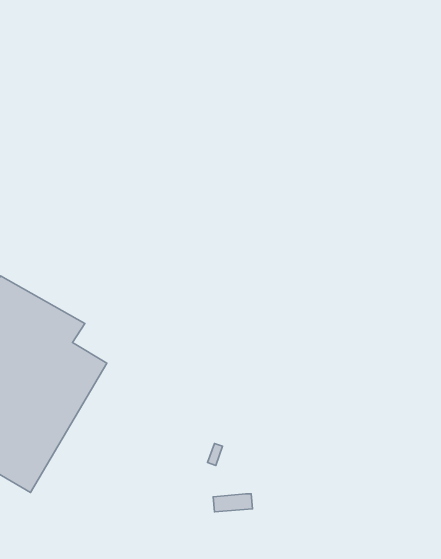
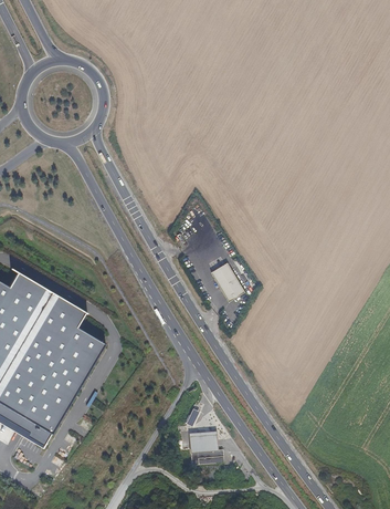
building: none -> [211,262,244,301]
building: none -> [191,430,219,451]

